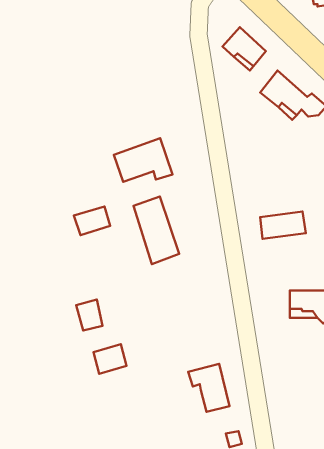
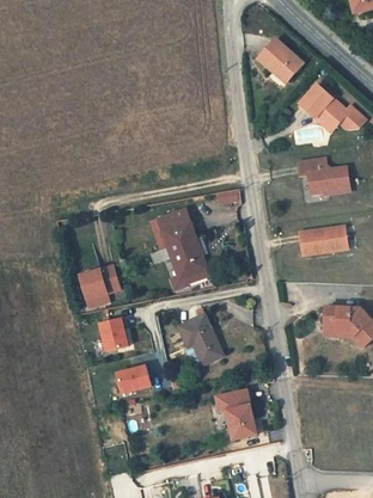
building: [114,138,173,182] -> none
building: none -> [294,161,346,197]
building: [74,206,110,235] -> [74,265,112,295]
building: none -> [178,314,224,363]

